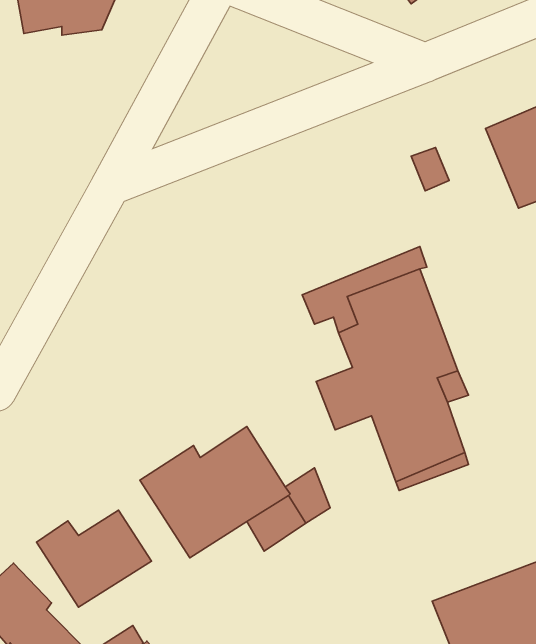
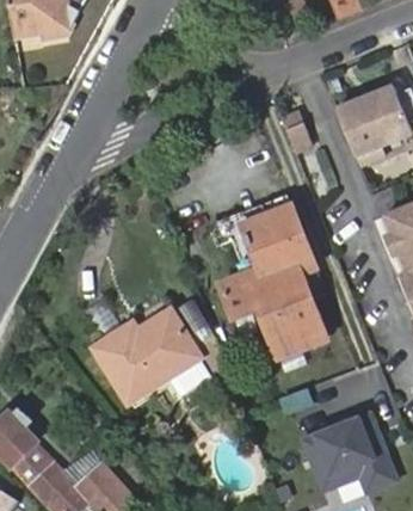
building: [36,510,151,607] -> none

